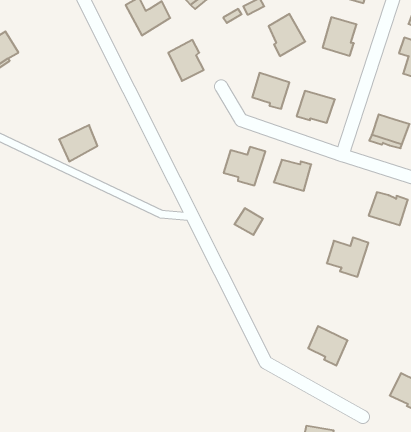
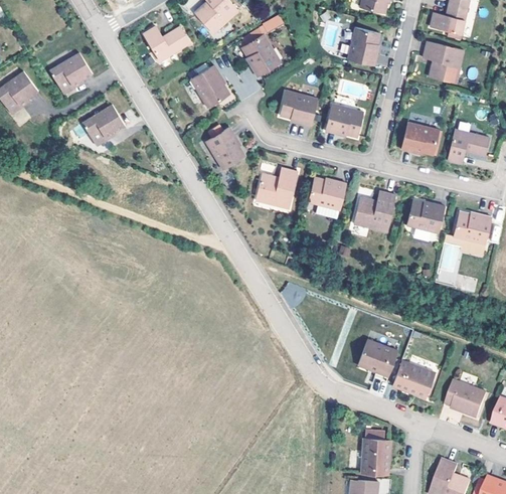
building: [269,14,305,56] -> [242,34,281,77]
building: none -> [49,53,92,94]
building: none -> [205,126,242,168]
building: [59,125,97,161] -> [85,106,124,144]
building: [234,208,263,235] -> [278,282,306,308]
building: [327,237,368,277] -> [356,191,396,230]
building: none -> [392,360,433,398]

